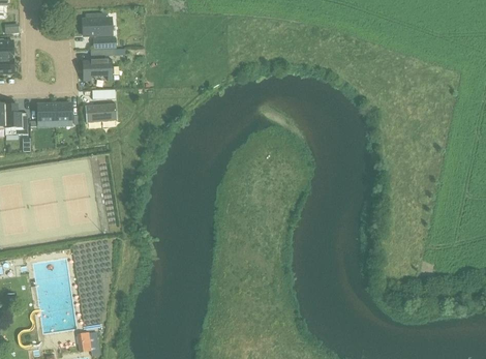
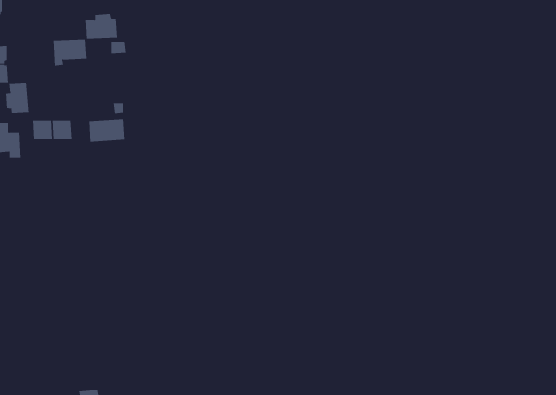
building: [81,57,110,80] -> [53,39,87,66]
building: none -> [6,82,29,114]

